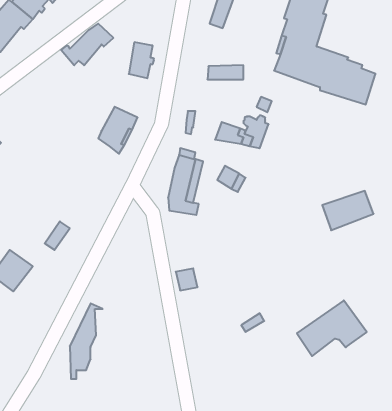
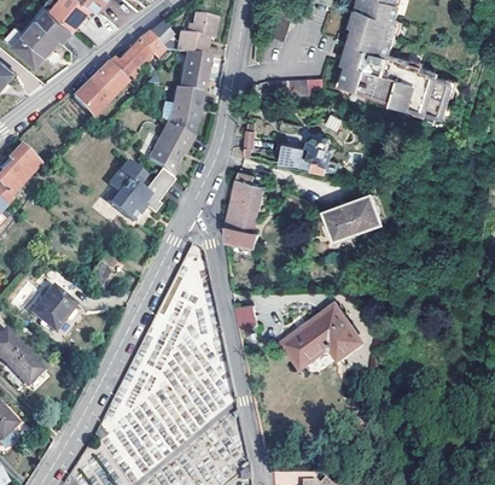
building: none -> [147,16,220,58]
building: none -> [72,63,124,117]
building: none -> [165,89,202,138]
building: none -> [106,163,173,222]
building: [322,191,374,230] -> [325,195,382,239]
building: [297,300,367,356] -> [283,305,360,367]

